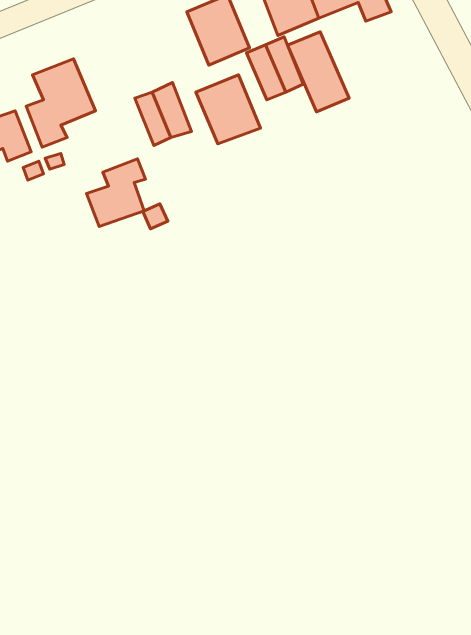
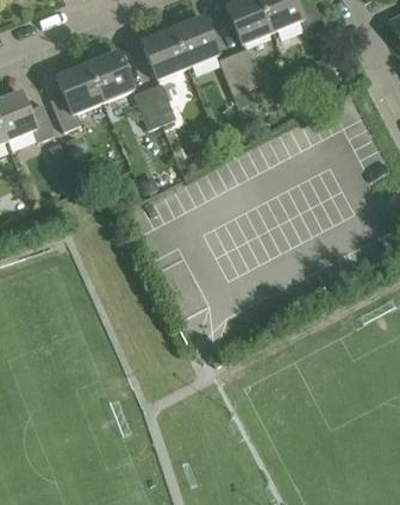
building: [288,32,349,112] -> none
building: none -> [87,49,136,101]
building: [196,75,260,144] -> [140,26,189,79]
building: [86,159,146,227] -> none

